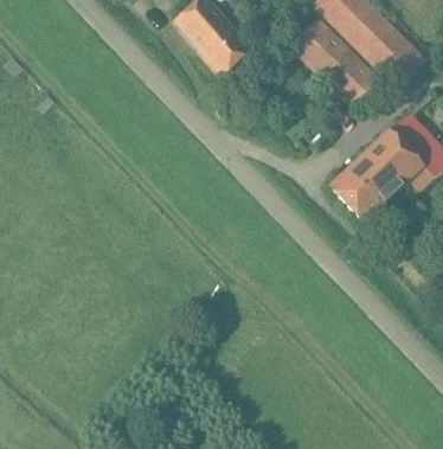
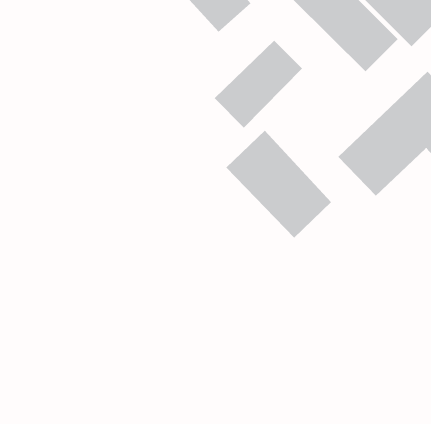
building: none -> [214,40,303,128]
building: none -> [225,130,332,239]

